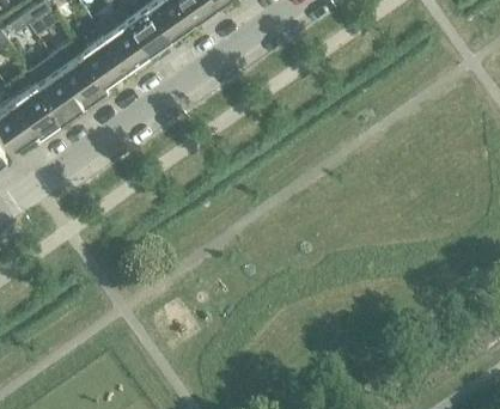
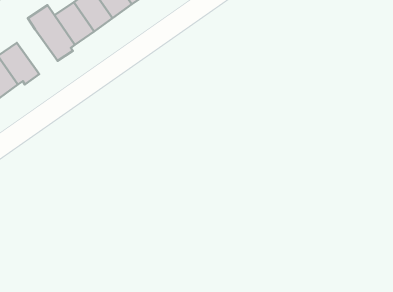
building: [35,69,80,118] -> none

